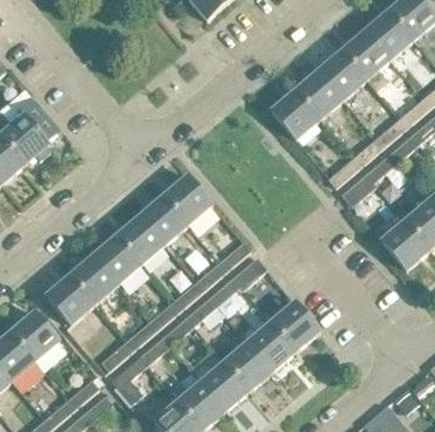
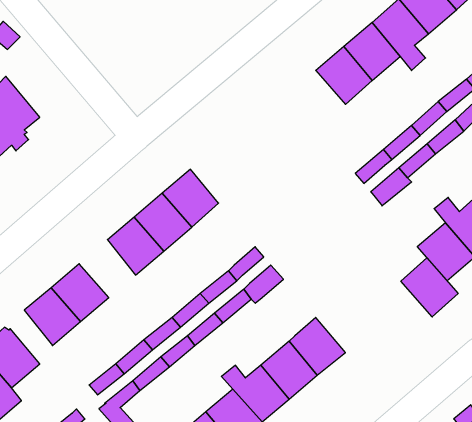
building: [272,91,320,139] -> none
building: [93,235,141,284] -> none
building: none -> [401,258,458,317]

